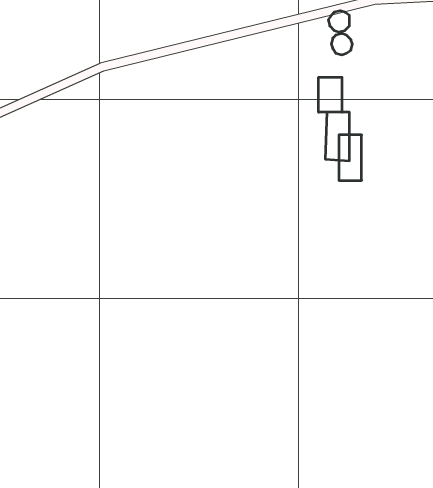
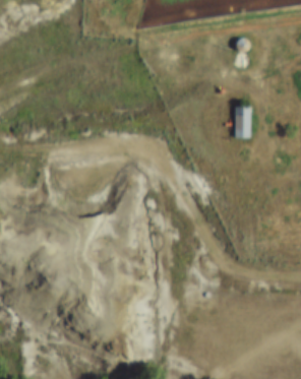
building: [319,77,342,112] -> none

